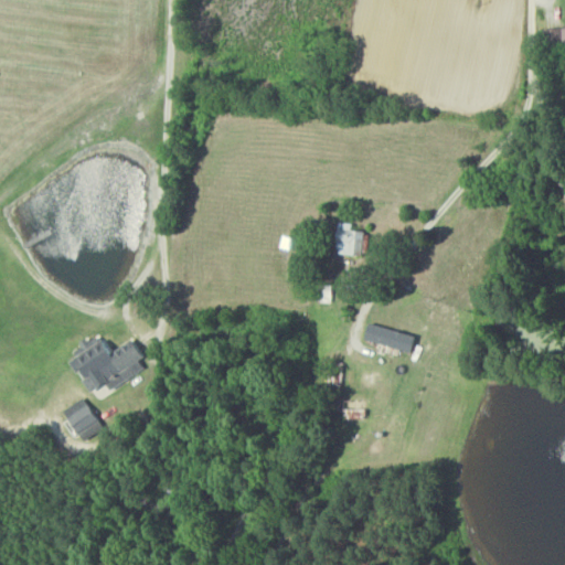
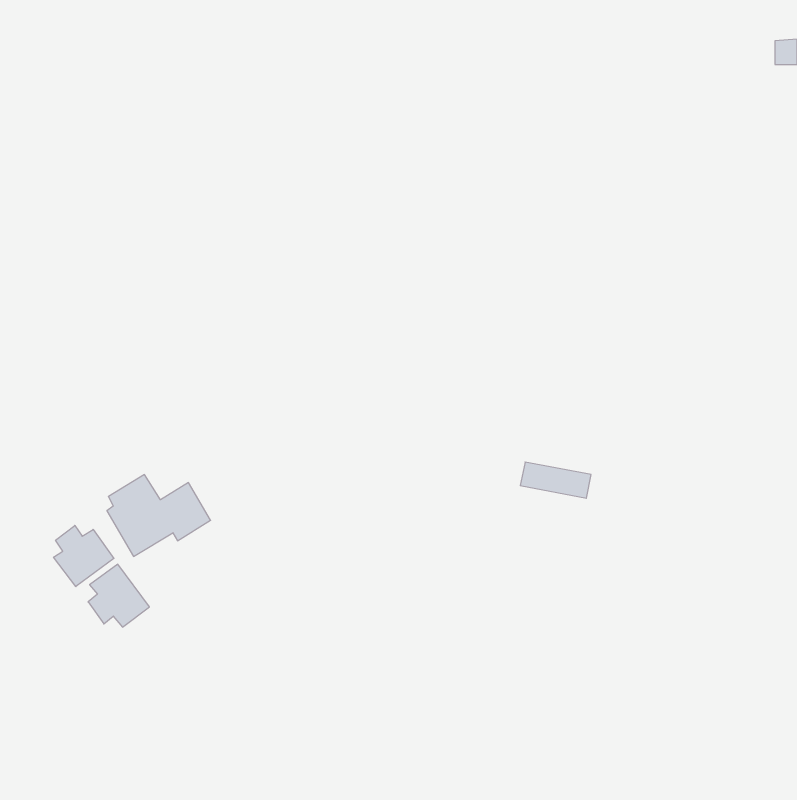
building: [334,225,365,257] -> none
building: none -> [54,525,114,587]

